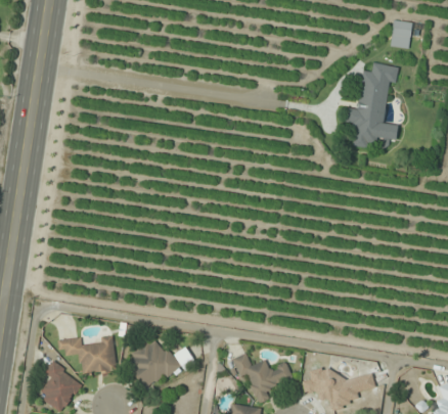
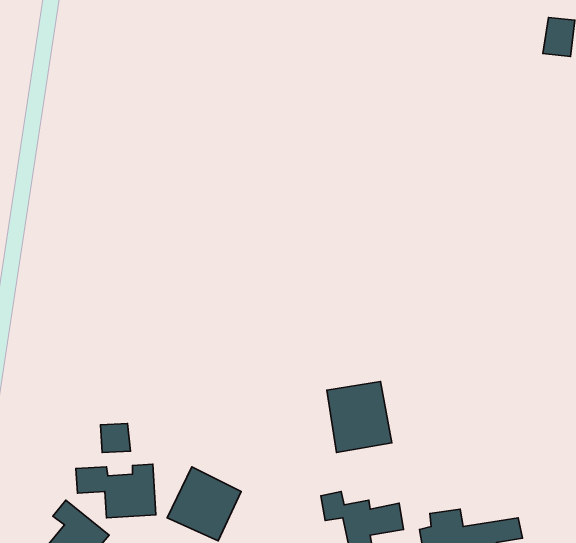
building: [346,63,398,148] -> none
building: none -> [327,382,392,452]
building: none -> [101,423,131,452]

